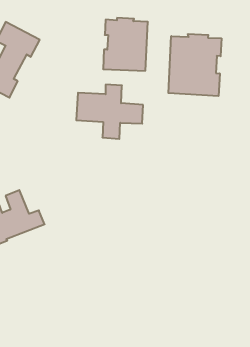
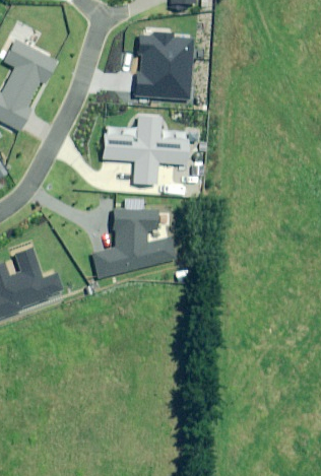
building: [168,34,221,96] -> none
building: none -> [90,209,176,278]

